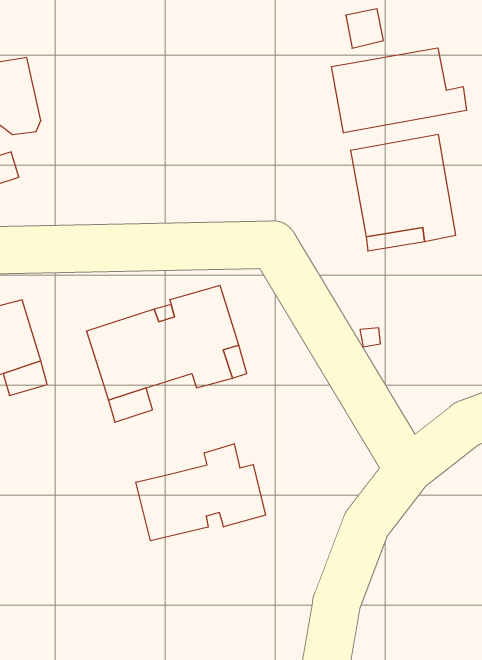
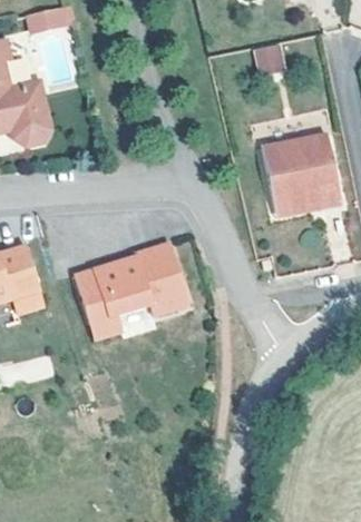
building: [332,48,467,133] -> none
building: [136,444,266,541] -> none

